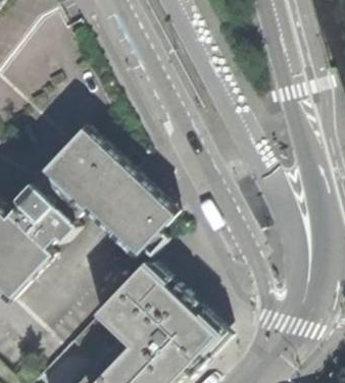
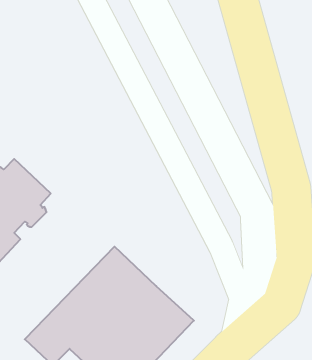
building: [46,126,180,258] -> none

